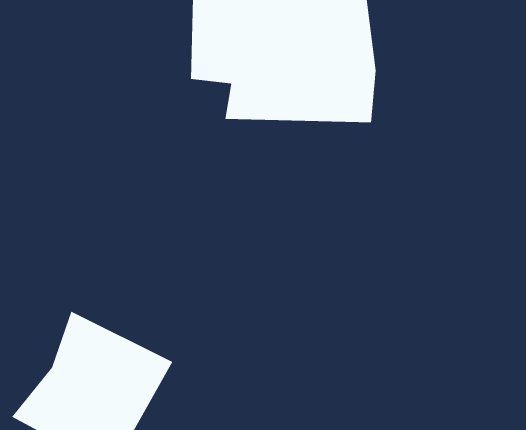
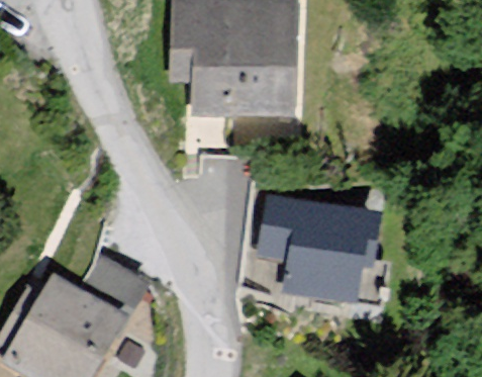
building: none -> [259,197,405,305]

